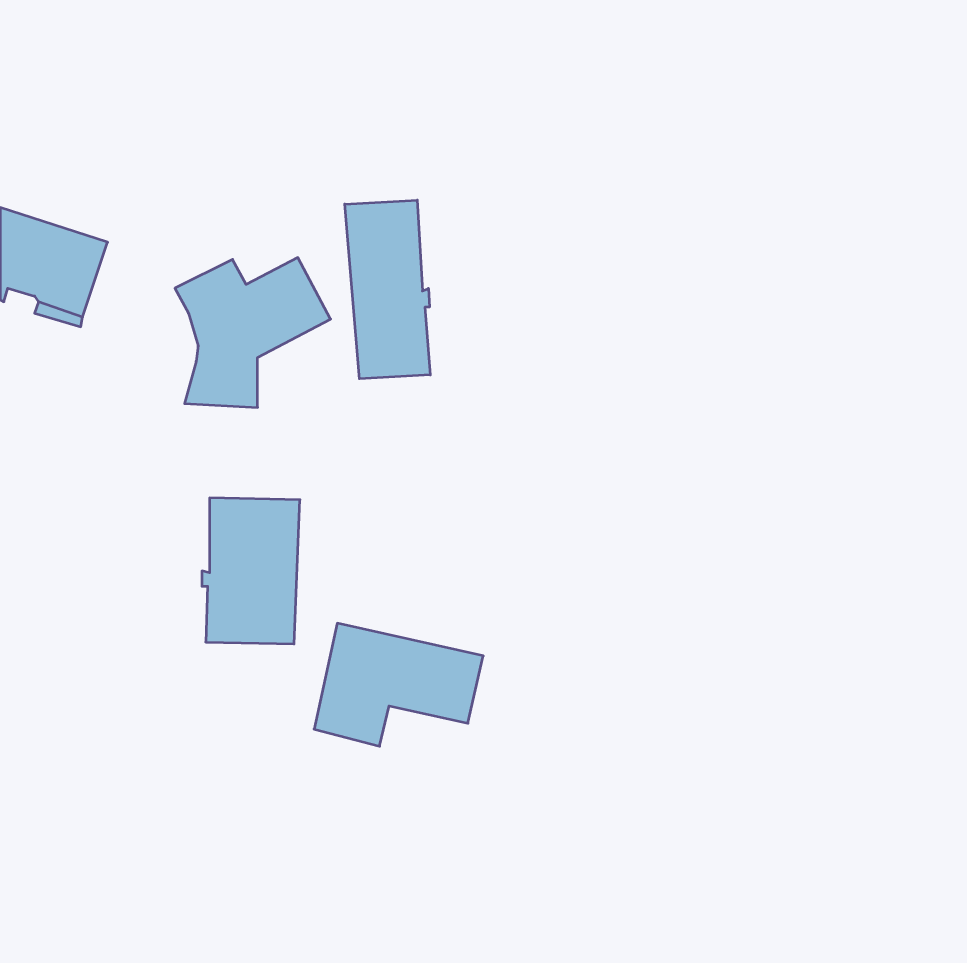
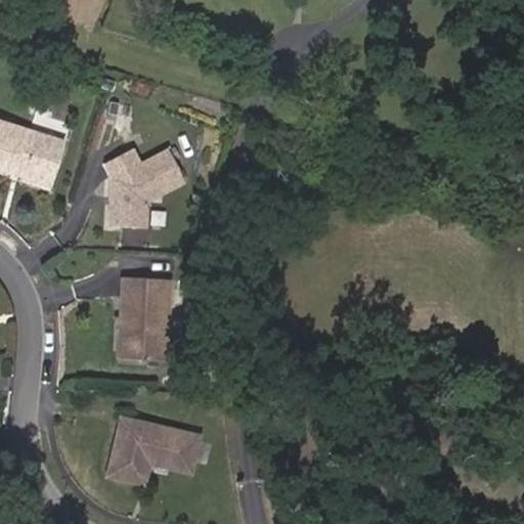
building: [345,200,430,379] -> none
building: [314,623,483,746] -> [107,429,198,494]

